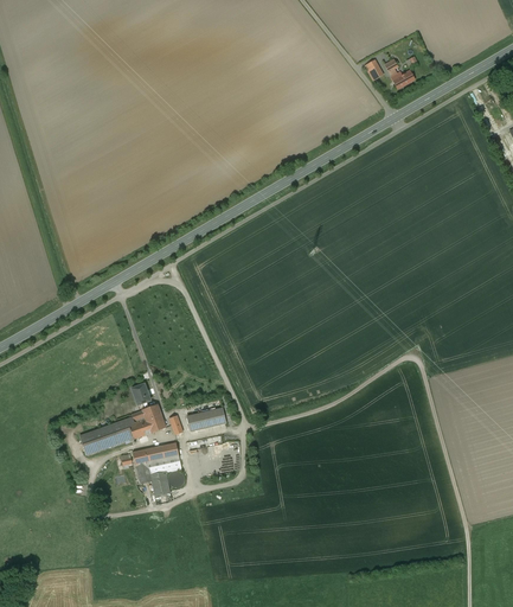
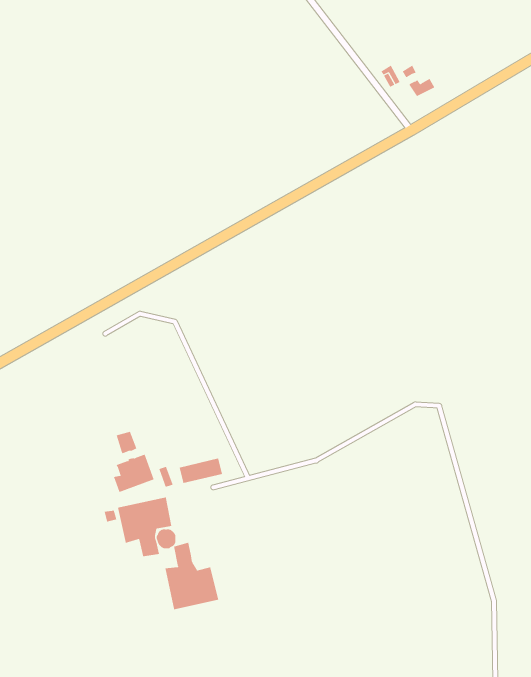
building: [79,416,135,454] -> none
building: none -> [165,542,219,610]

